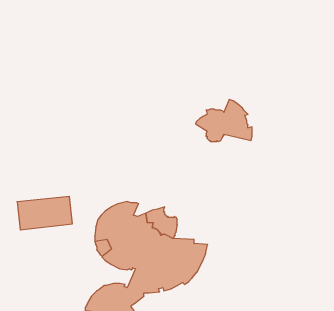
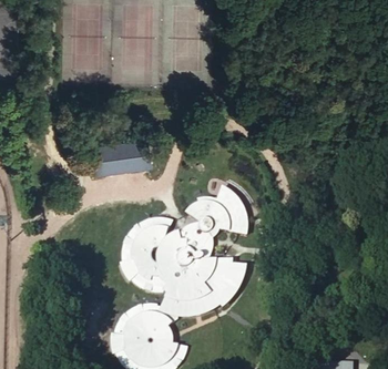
building: [196,100,252,142] -> [187,191,247,235]
building: [17,196,72,230] -> [94,136,153,172]

